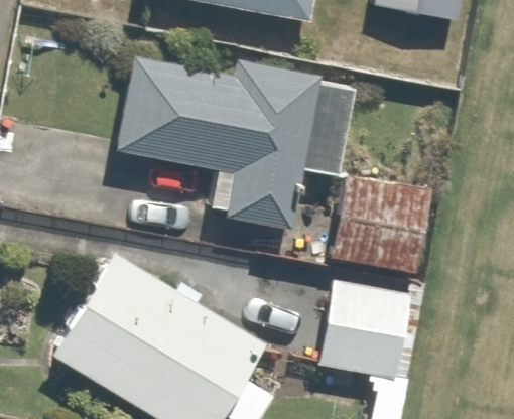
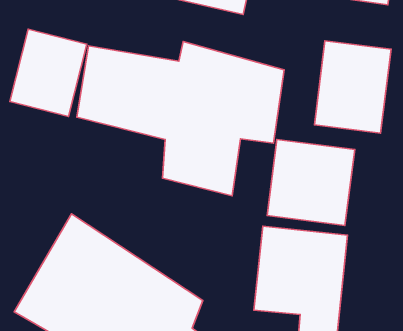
building: none -> [10,29,87,117]
building: none -> [315,41,391,133]

